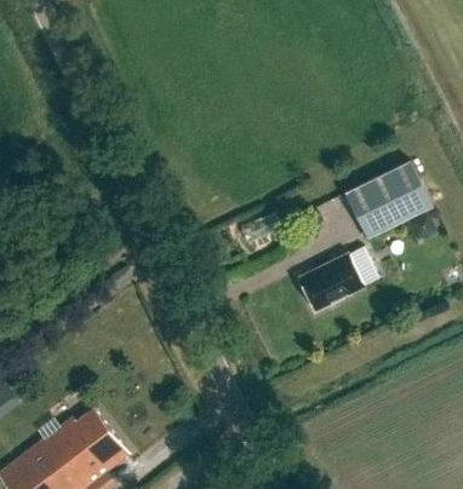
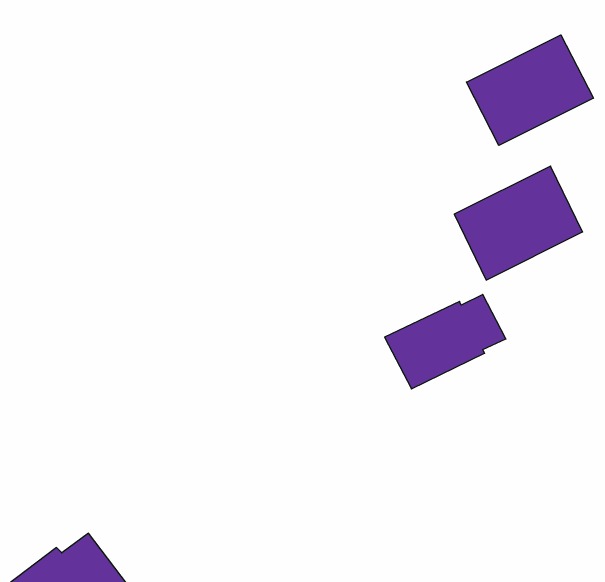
building: none -> [466,35,593,145]

